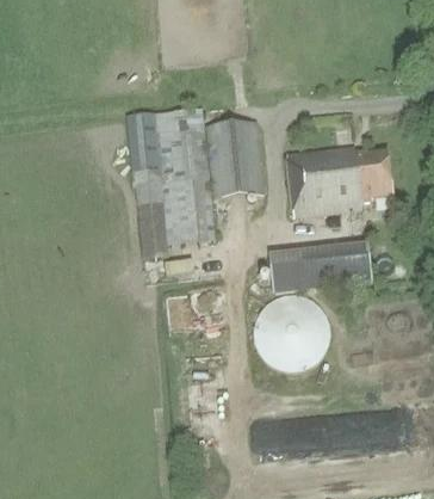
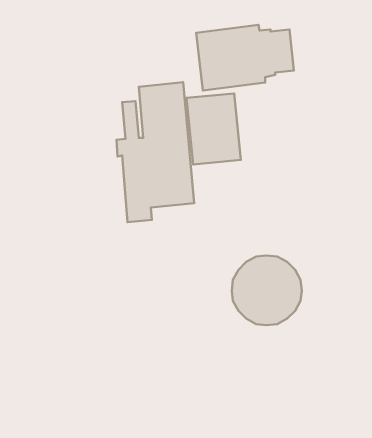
building: [287,144,392,215] -> [196,25,294,90]
building: [269,241,372,292] -> none

